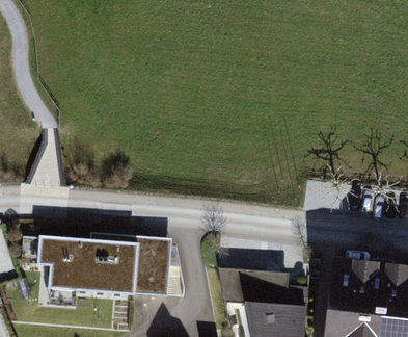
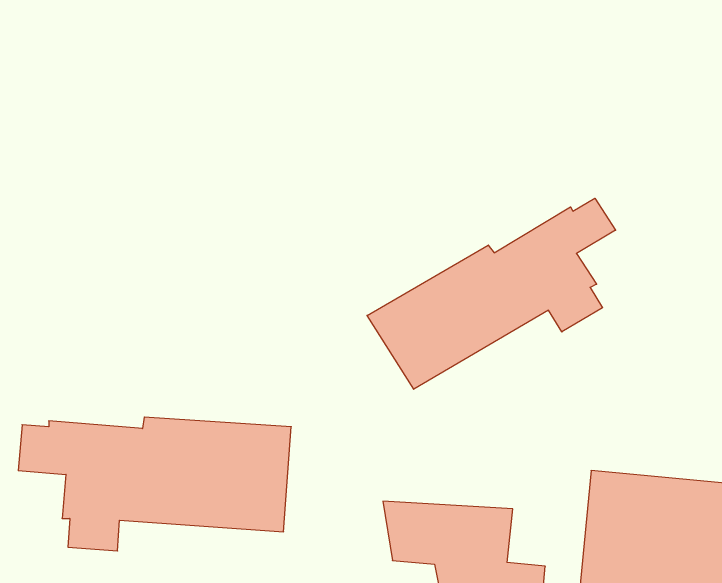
building: none -> [367,198,616,389]

